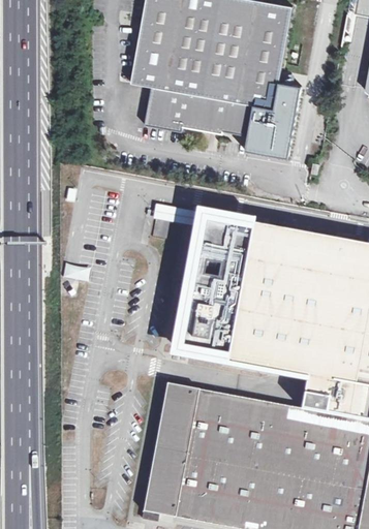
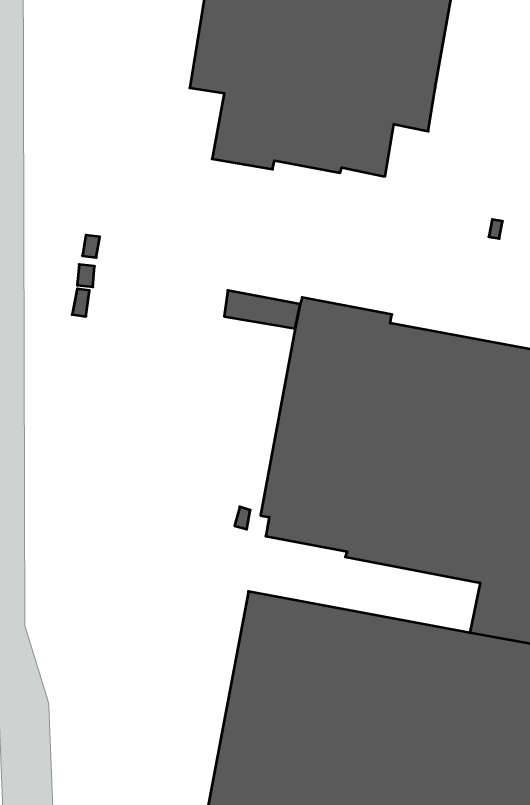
building: [245,82,302,157] -> none

